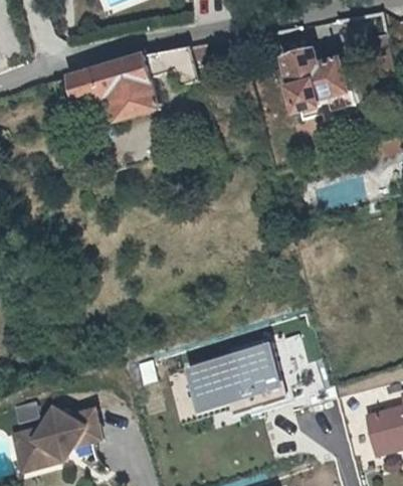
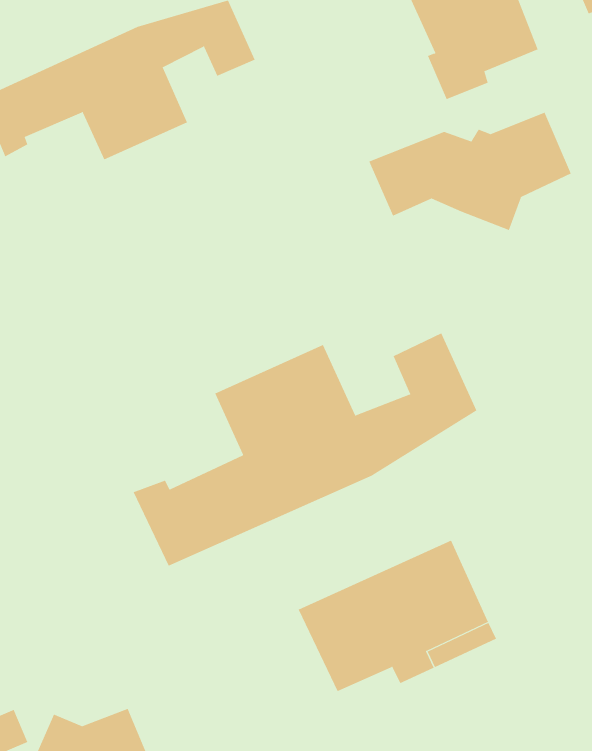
building: none -> [369,112,572,231]
building: none -> [133,333,477,566]

